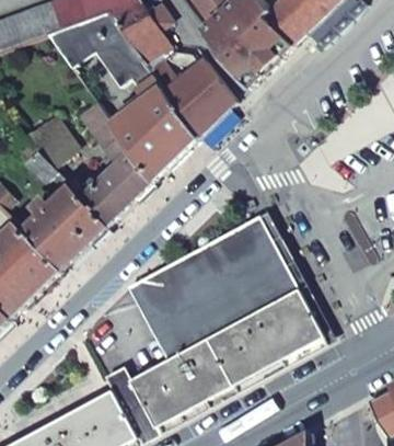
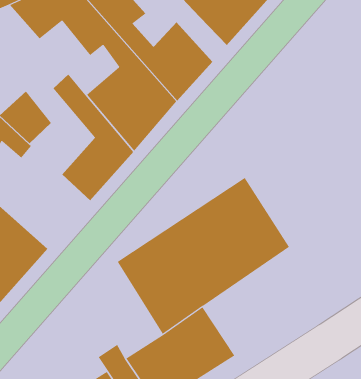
building: [26,183,108,267] -> none
building: [208,284,324,384] -> none

